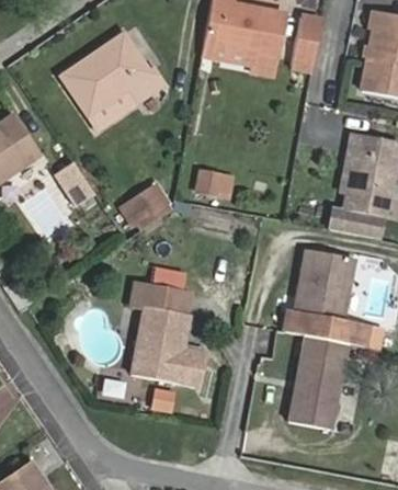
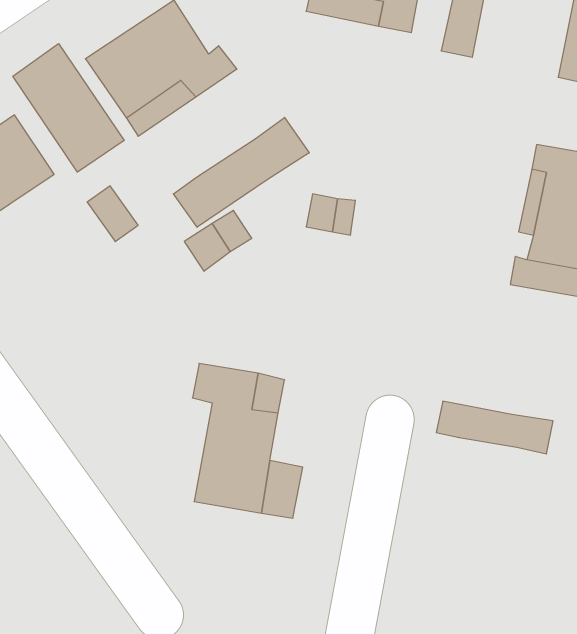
building: none -> [13,44,124,172]
building: none -> [173,117,309,227]
building: [295,244,353,316] -> none
building: [288,331,344,424] -> none

